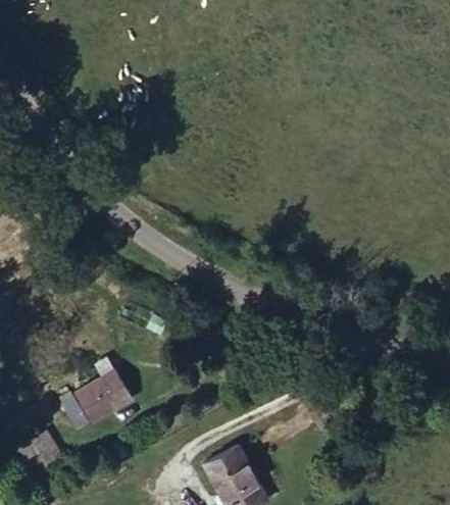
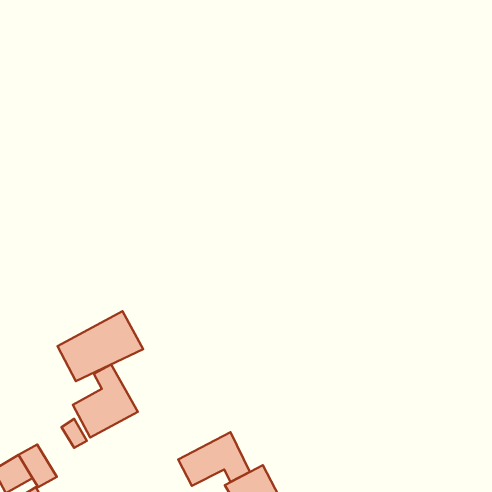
building: none -> [57,311,143,381]
building: none -> [178,432,250,486]

